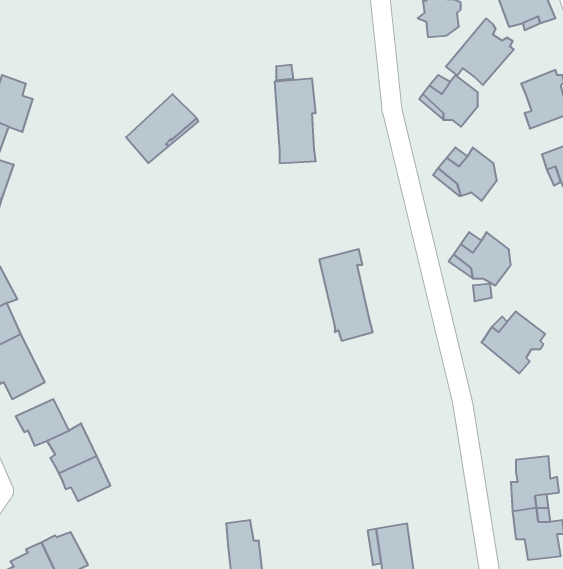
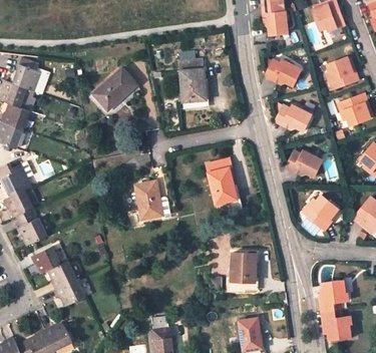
building: [446,18,514,85] -> none
building: none -> [127,182,162,227]
building: none -> [227,252,256,292]

